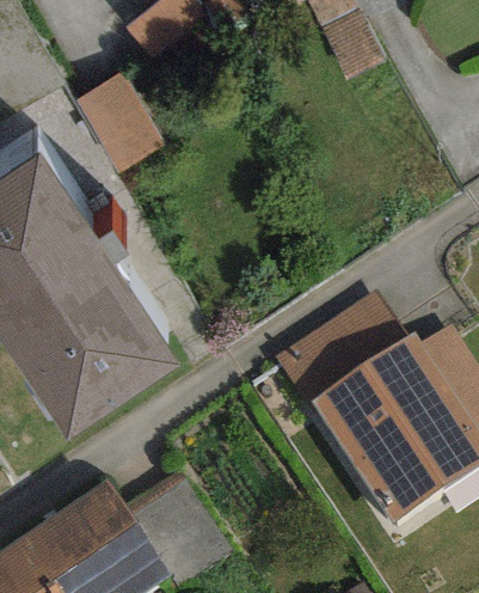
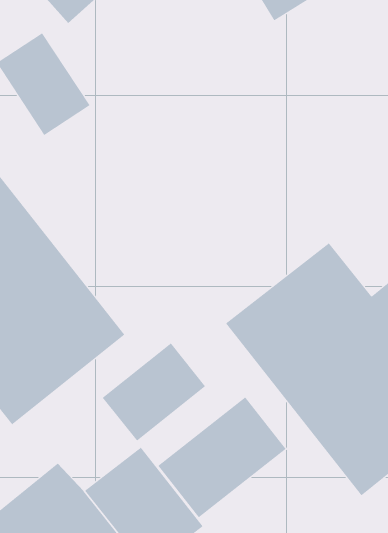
building: none -> [102,343,206,442]
building: none -> [157,397,287,518]

